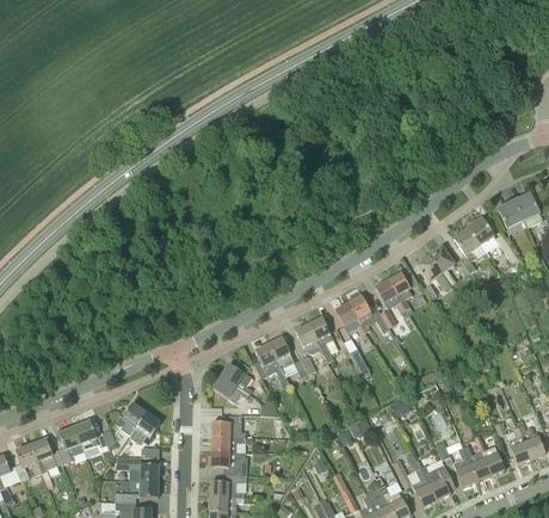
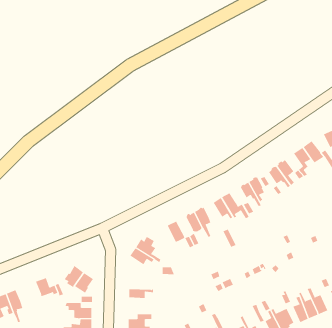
building: [254,344,283,378] -> none
building: [211,414,249,438] -> none
building: [56,426,84,464] -> none
building: [210,450,246,474] -> none

